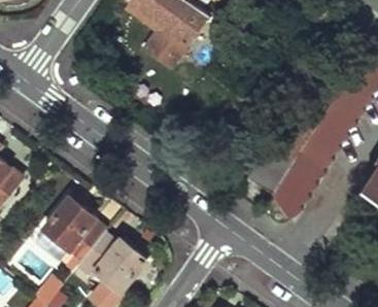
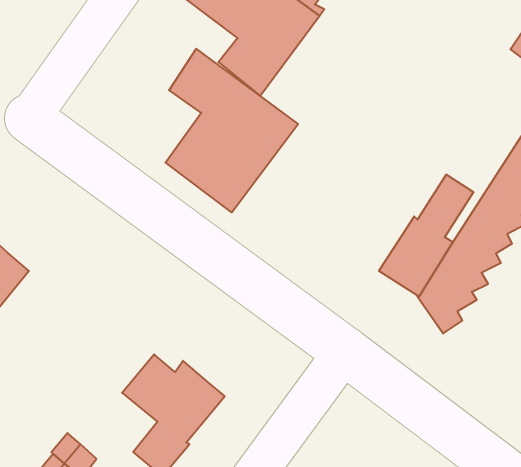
building: none -> [165,49,298,212]
building: [38,196,105,264] -> none

